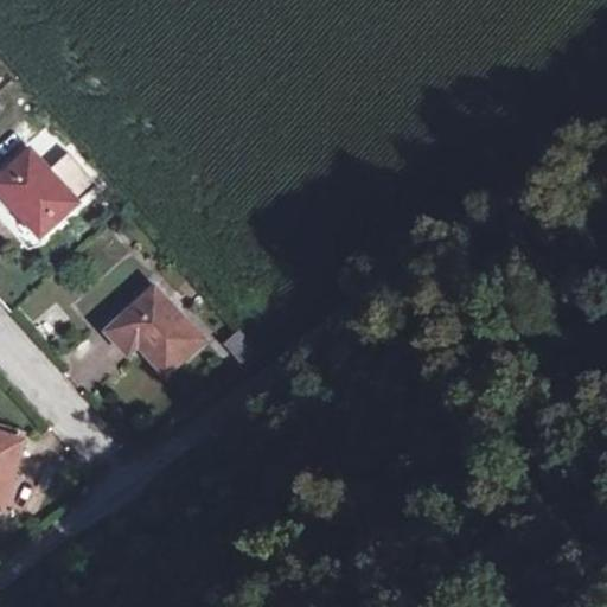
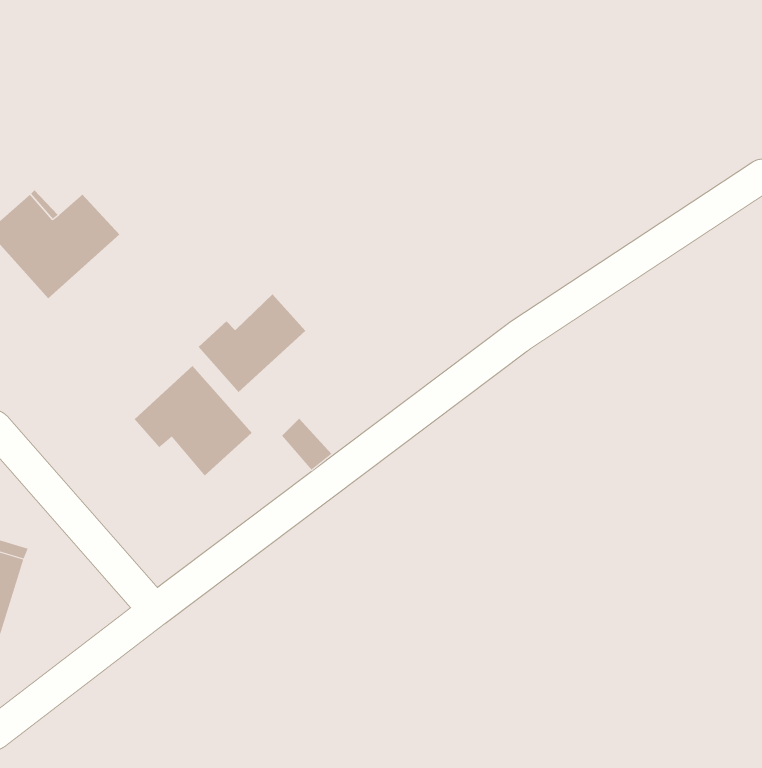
building: none -> [198,294,306,393]

